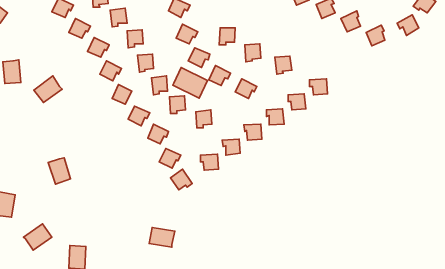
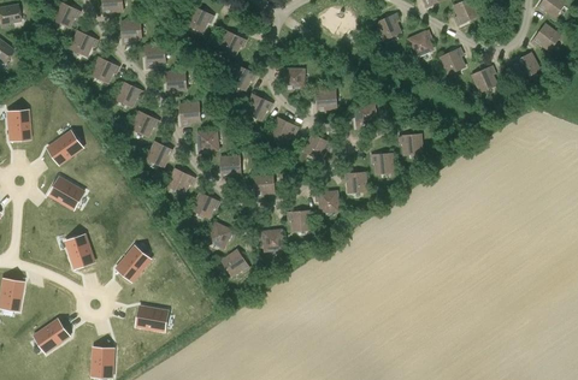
building: [173,67,207,98] -> none
building: none -> [49,177,84,209]
building: none -> [117,245,151,280]
building: [149,228,175,247] -> [136,305,169,331]

